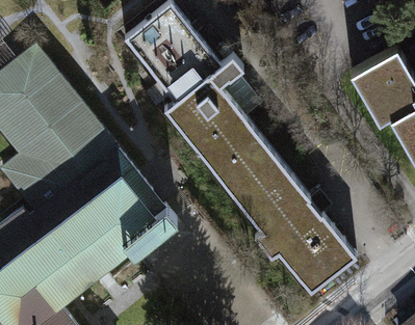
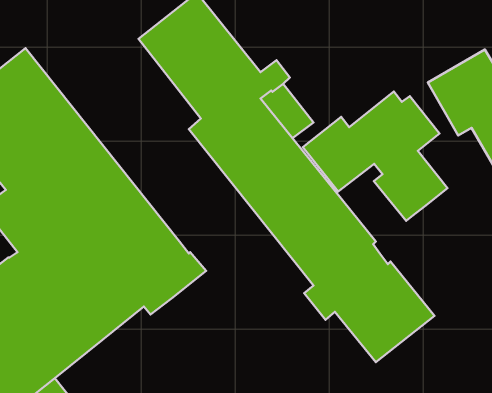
building: none -> [303,91,447,221]

